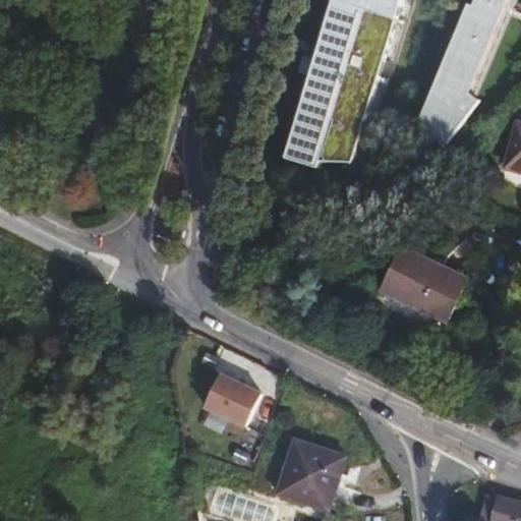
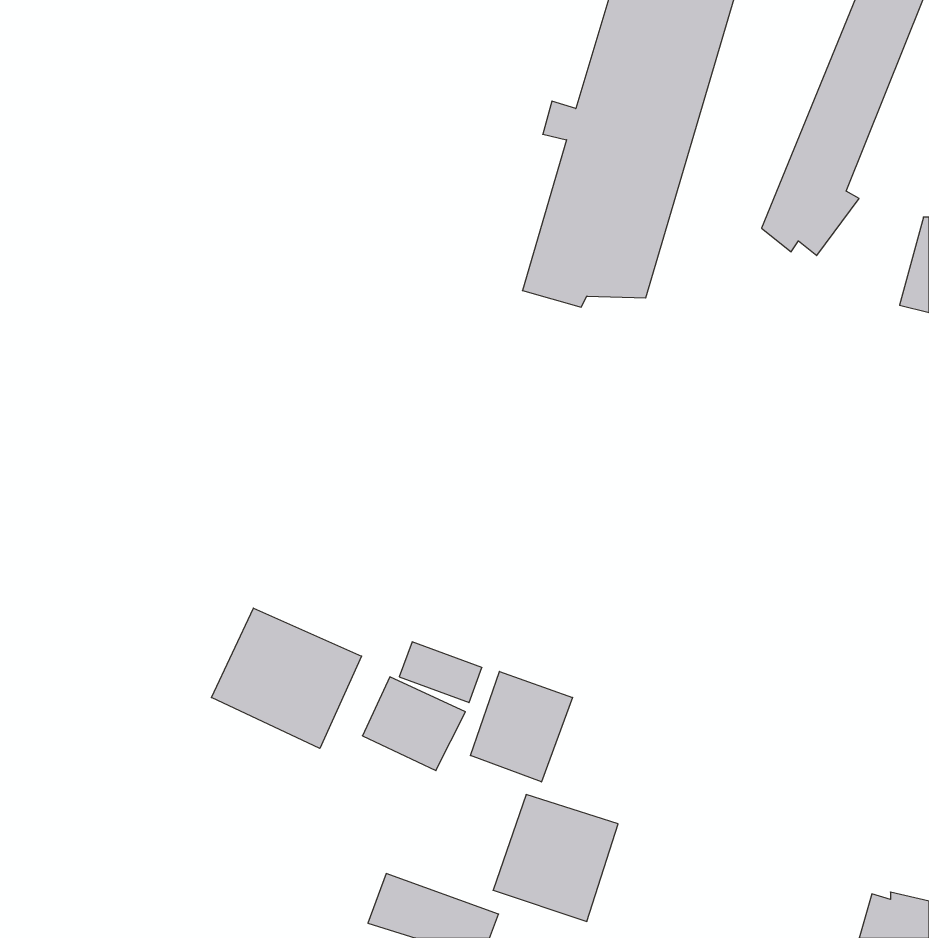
building: [375,245,463,323] -> none
building: none -> [211,608,362,748]
building: none -> [470,671,573,782]

